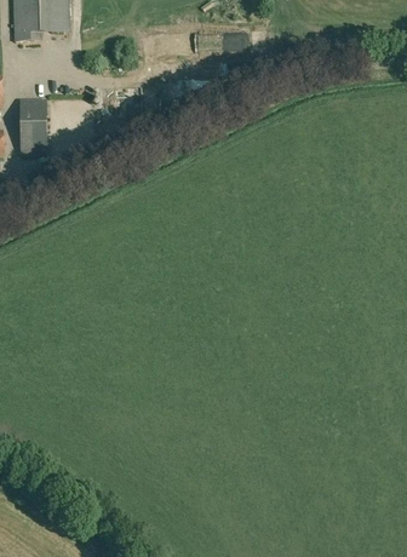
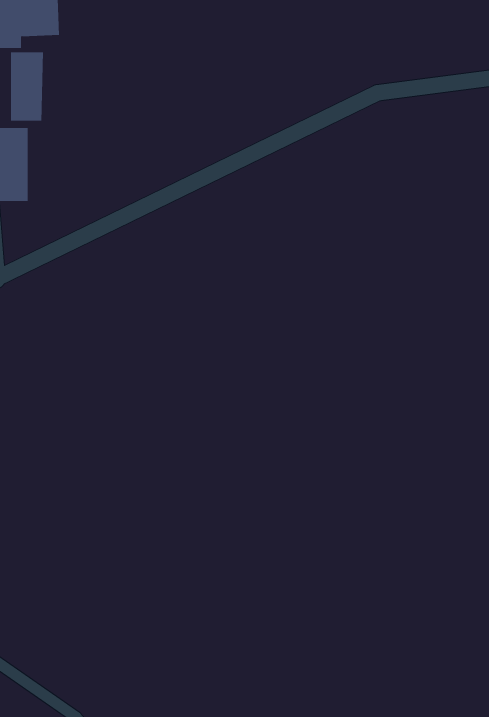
building: none -> [11,51,43,122]

